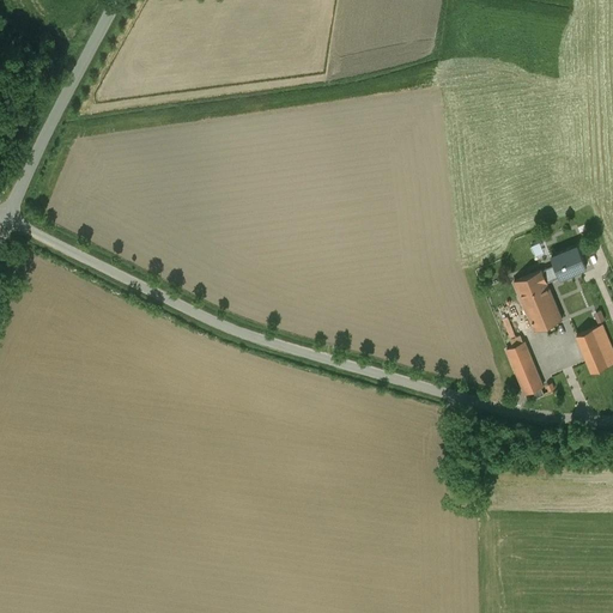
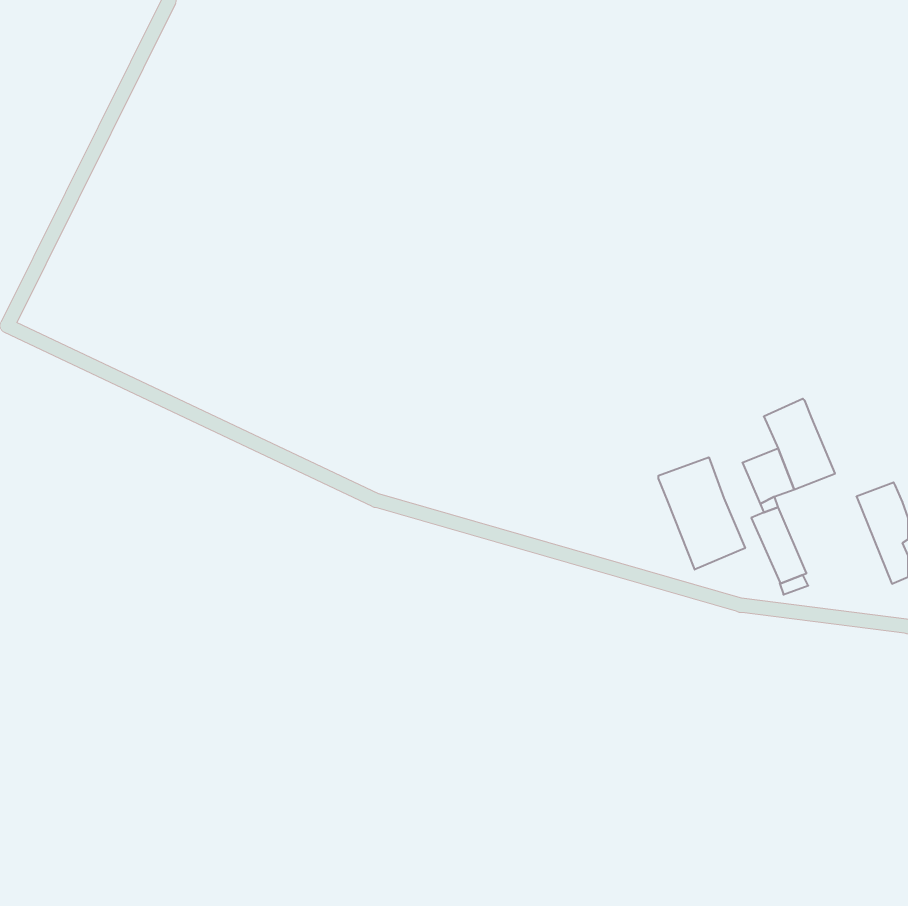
building: [541,247,585,284] -> none
building: none -> [658,457,745,570]

